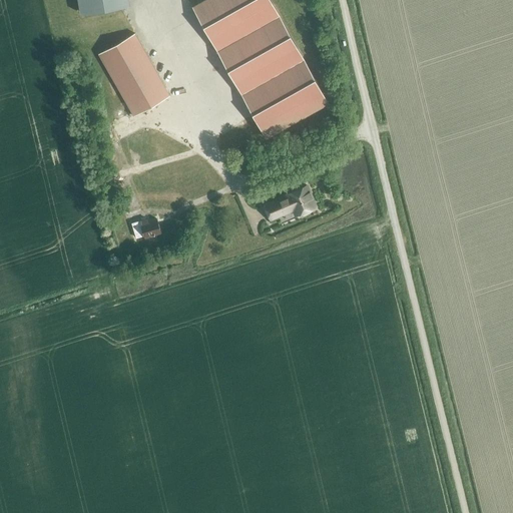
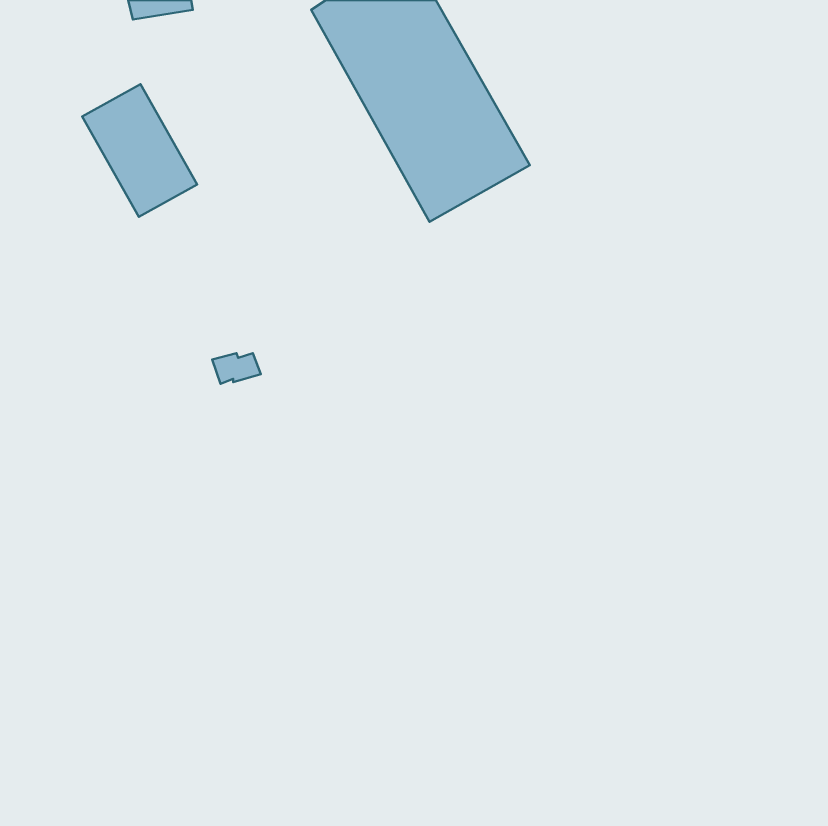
building: [98,34,169,116] -> [82,84,197,217]
building: [265,186,316,219] -> none

